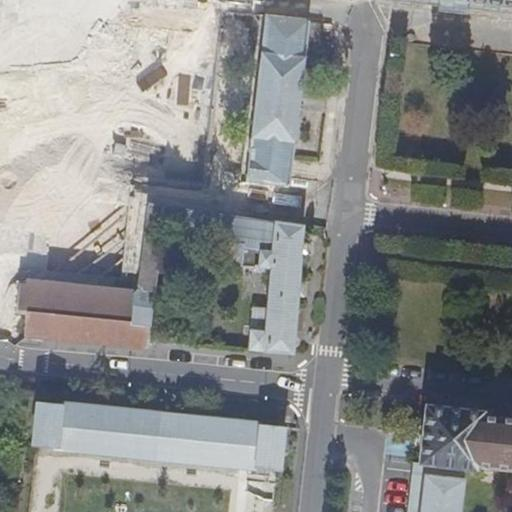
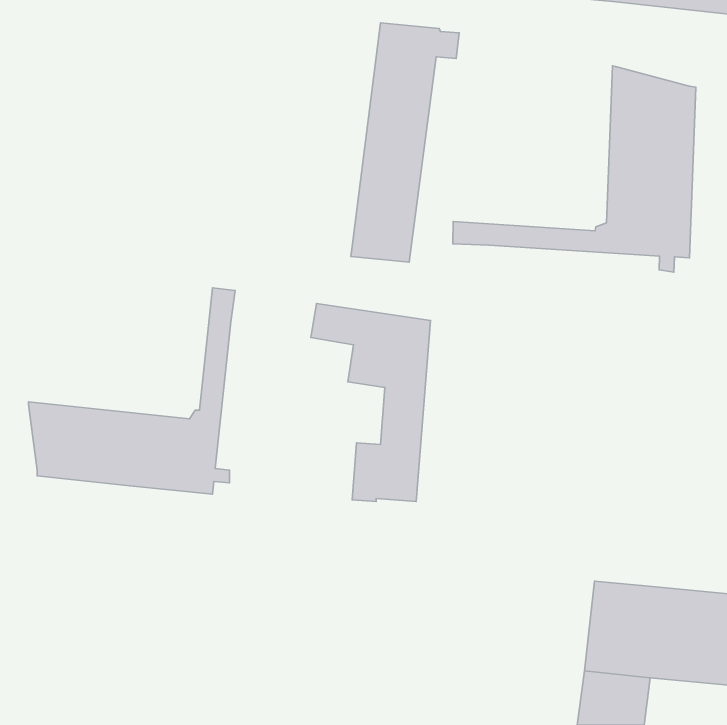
building: none -> [453,66,696,272]
building: [34,401,283,469] -> none

